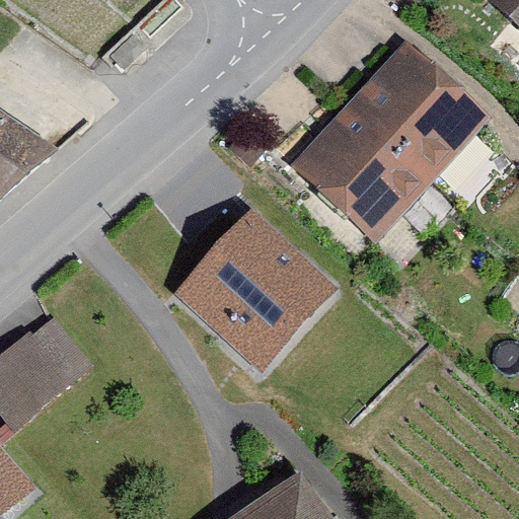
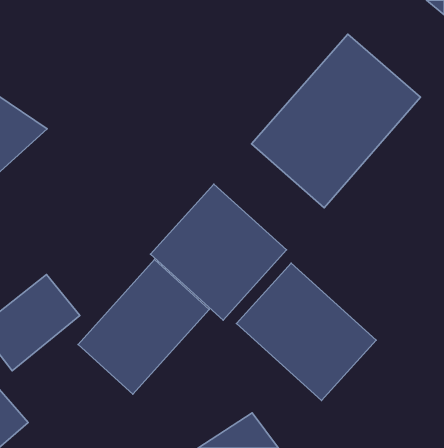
building: none -> [78,260,209,394]
building: none -> [237,263,376,400]

